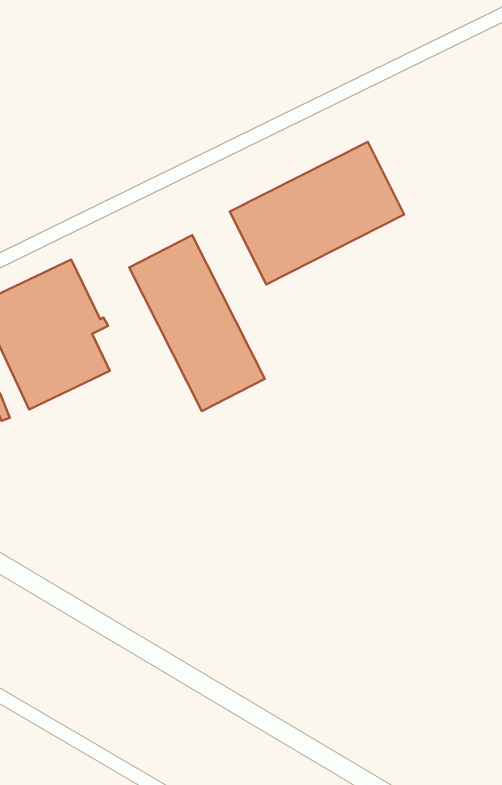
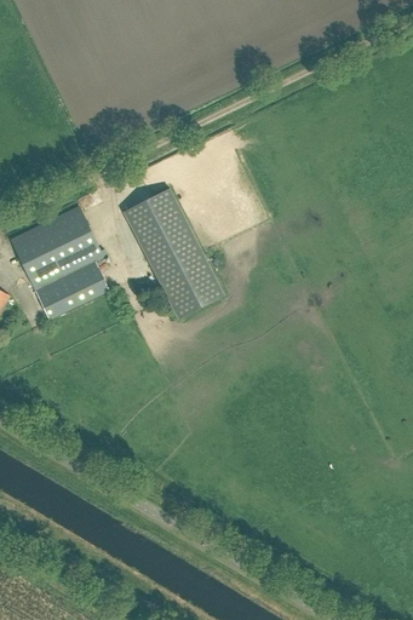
building: [230,142,404,284] -> none

